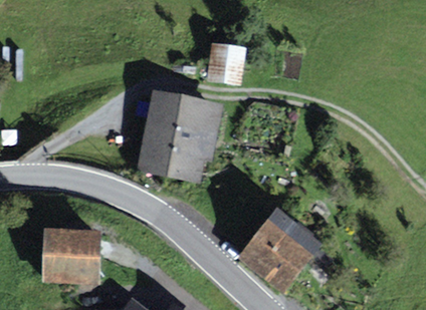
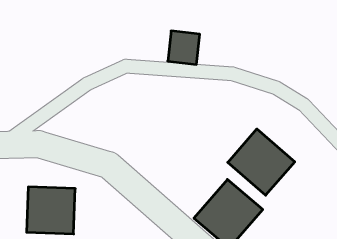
building: [139,93,216,177] -> none
building: none -> [228,129,295,195]

